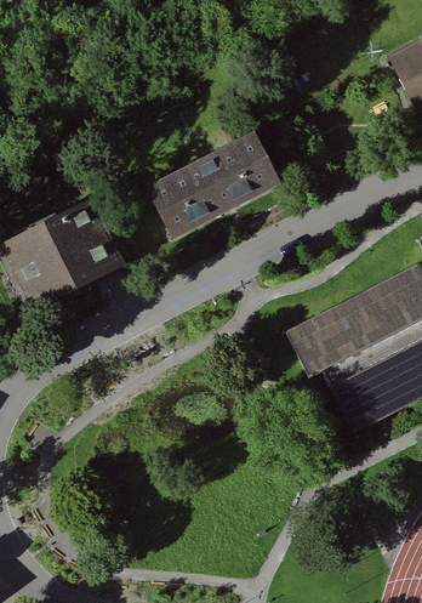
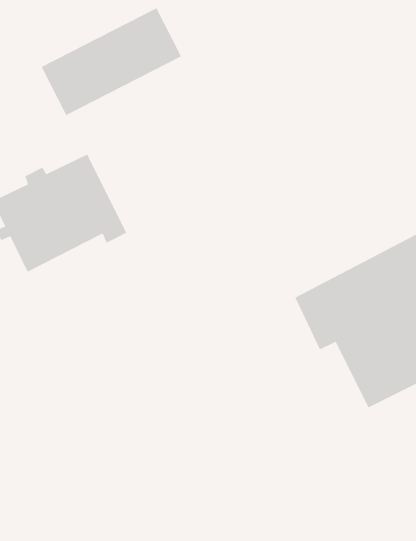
building: [149,132,279,232] -> [41,8,182,116]

